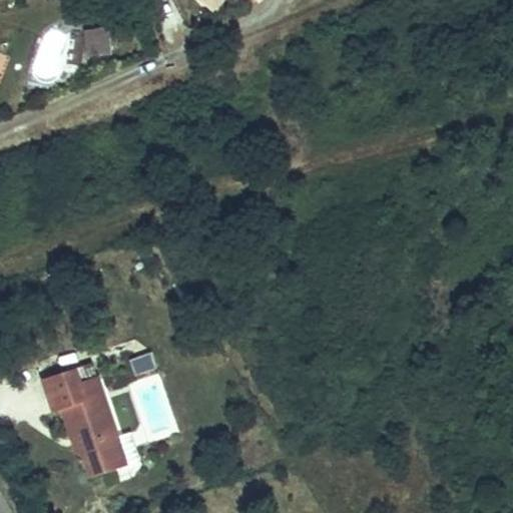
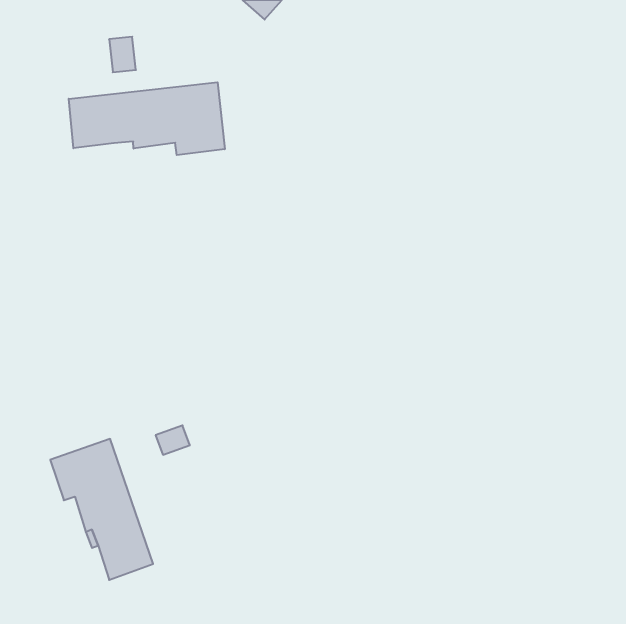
building: none -> [69,82,225,155]

